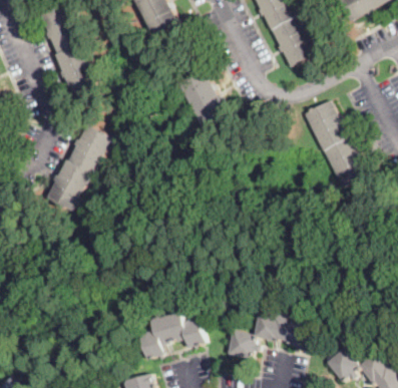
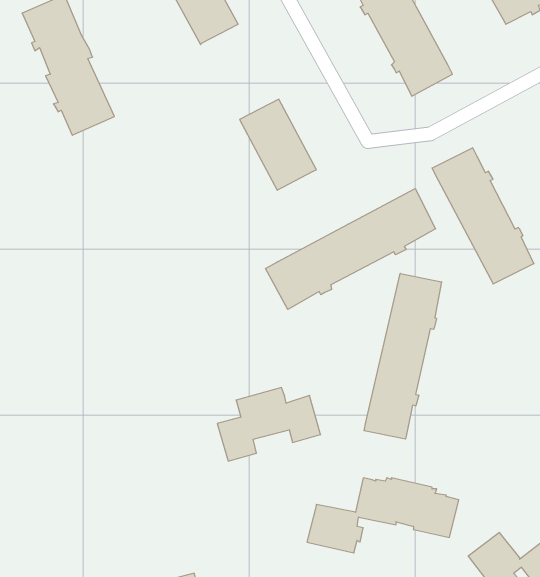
building: [46,123,112,211] -> none
building: none -> [266,189,436,309]
building: none -> [364,273,442,439]
building: [137,312,204,359] -> [217,388,321,461]

